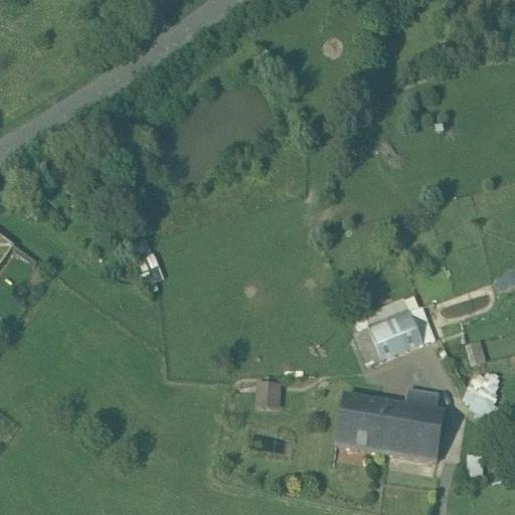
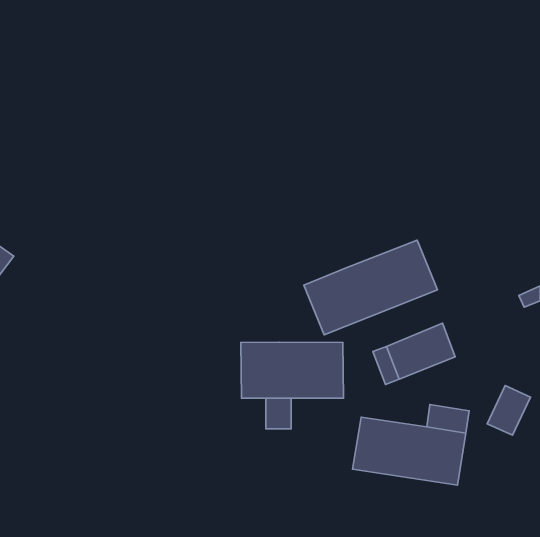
building: none -> [304,240,438,335]
building: none -> [241,342,343,398]

